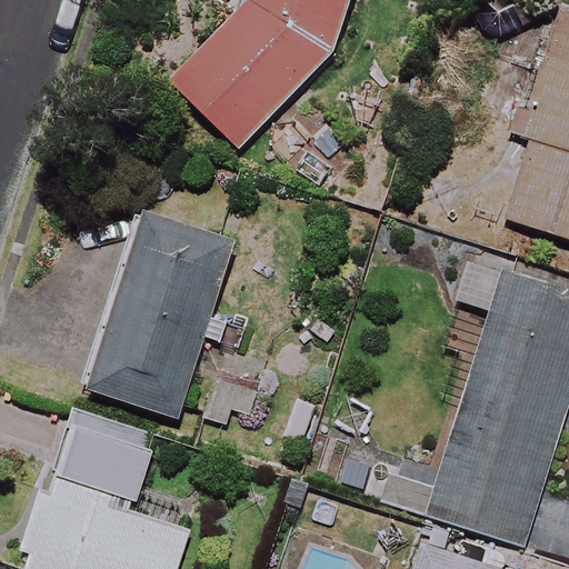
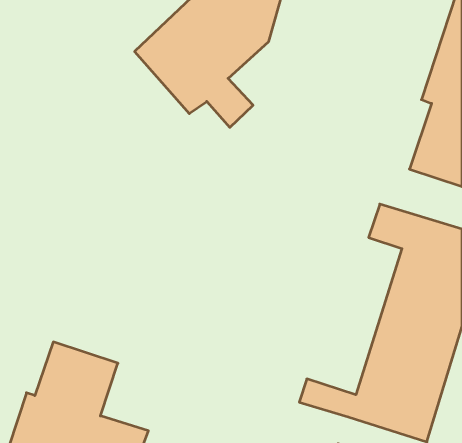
building: [91,217,231,418] -> none

